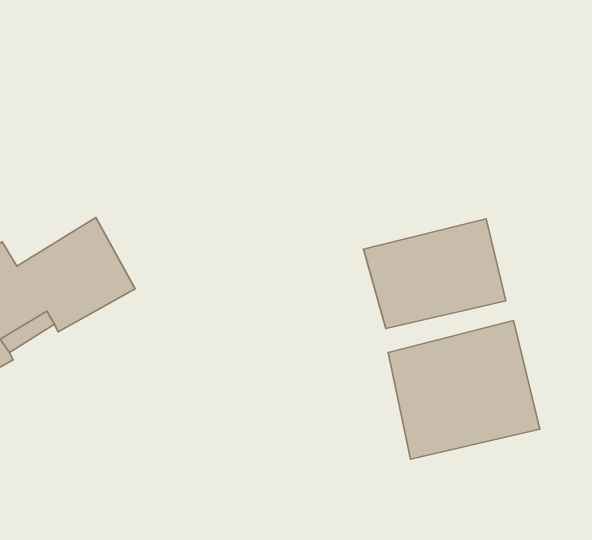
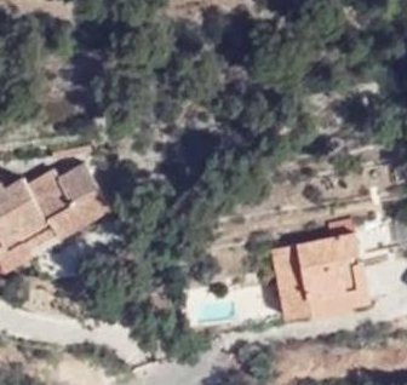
building: [364,219,506,329] -> none

